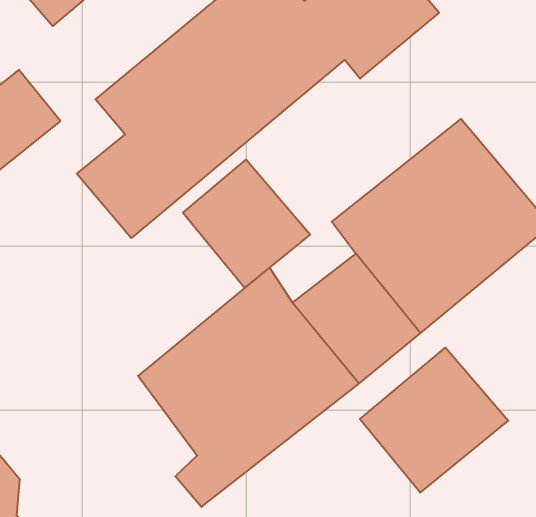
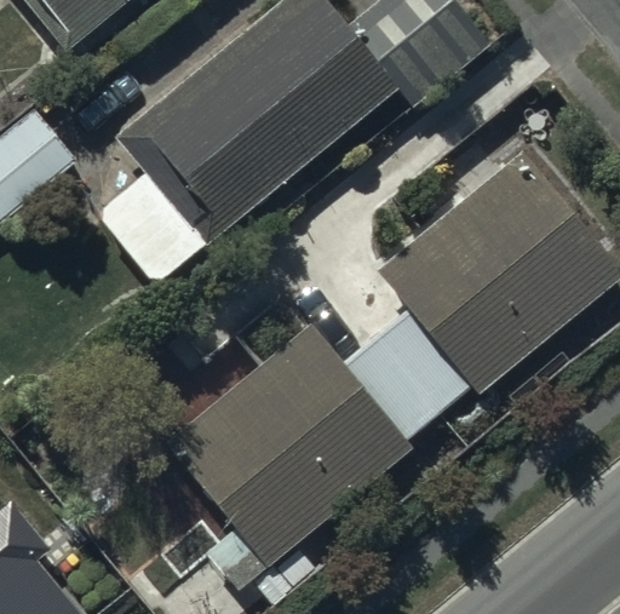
building: [183,160,310,288] -> none
building: [360,348,508,493] -> none

